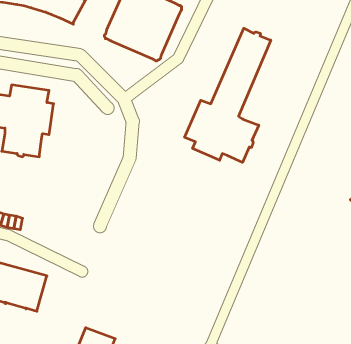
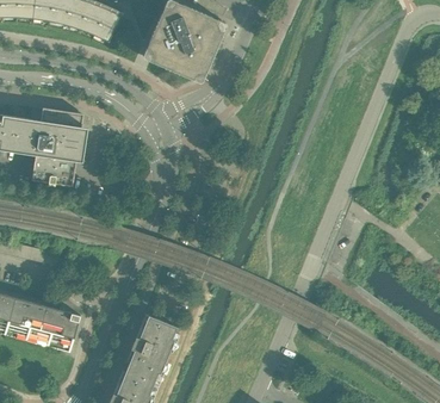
building: [185,28,271,162] -> none
building: none -> [123,312,178,382]

